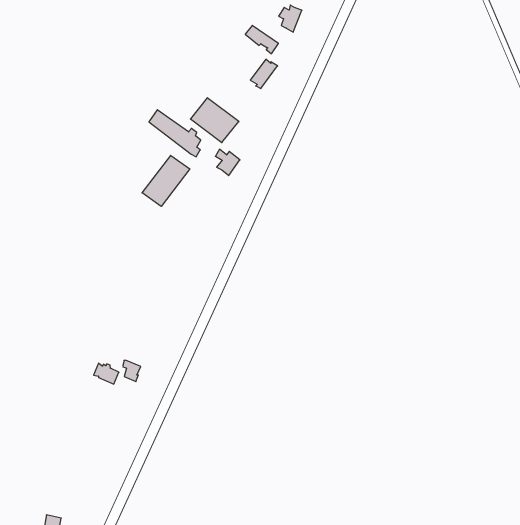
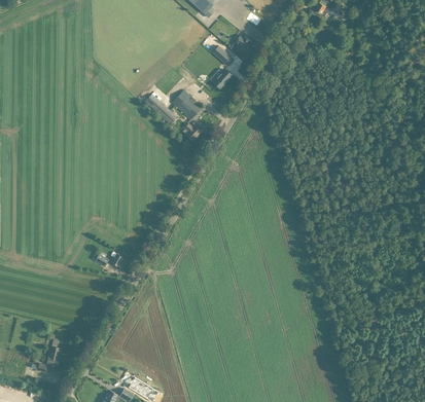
building: [142,155,190,206] -> none

